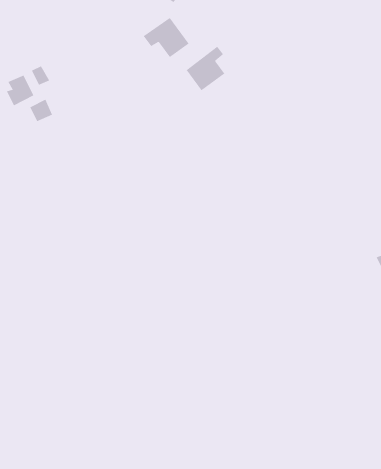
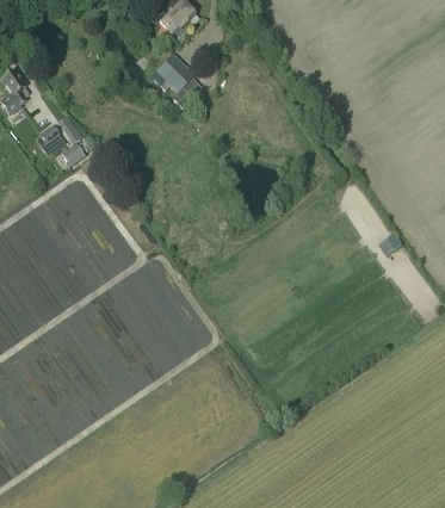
building: [186,46,225,91] -> none

